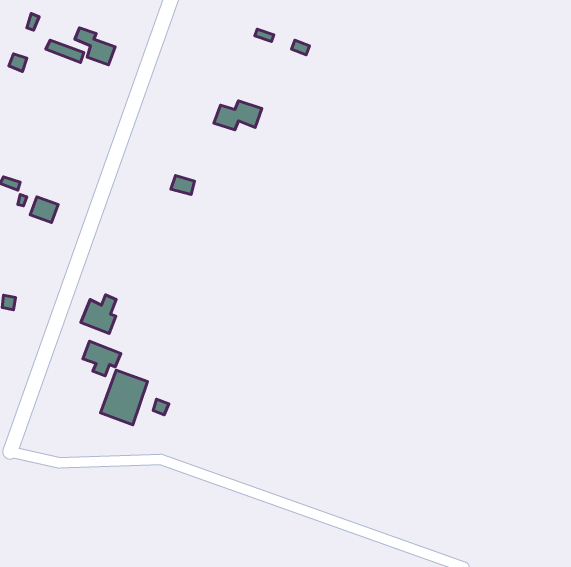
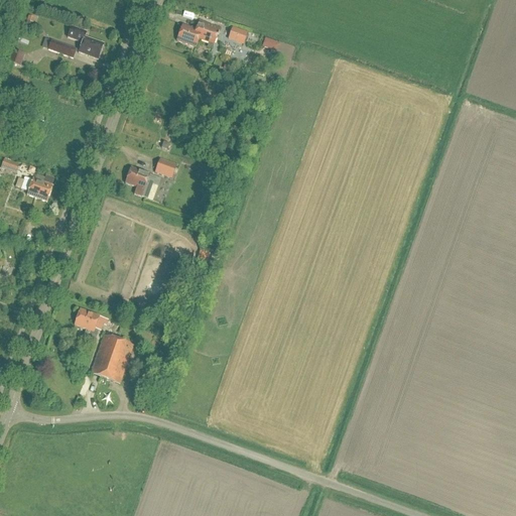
building: [214,101,262,130] -> [176,19,220,45]
building: none -> [125,166,155,197]
building: [81,295,116,333] -> none

